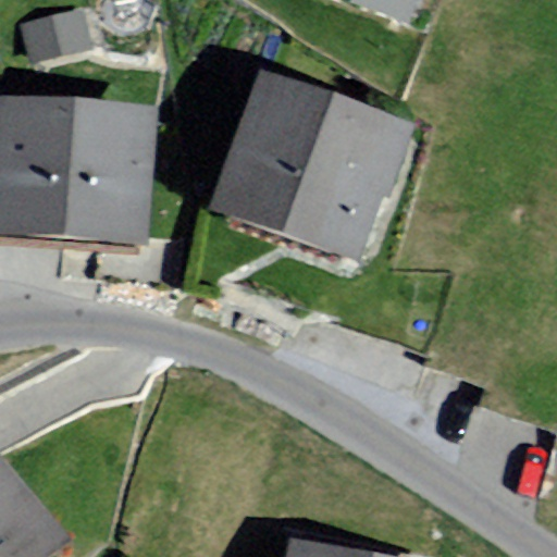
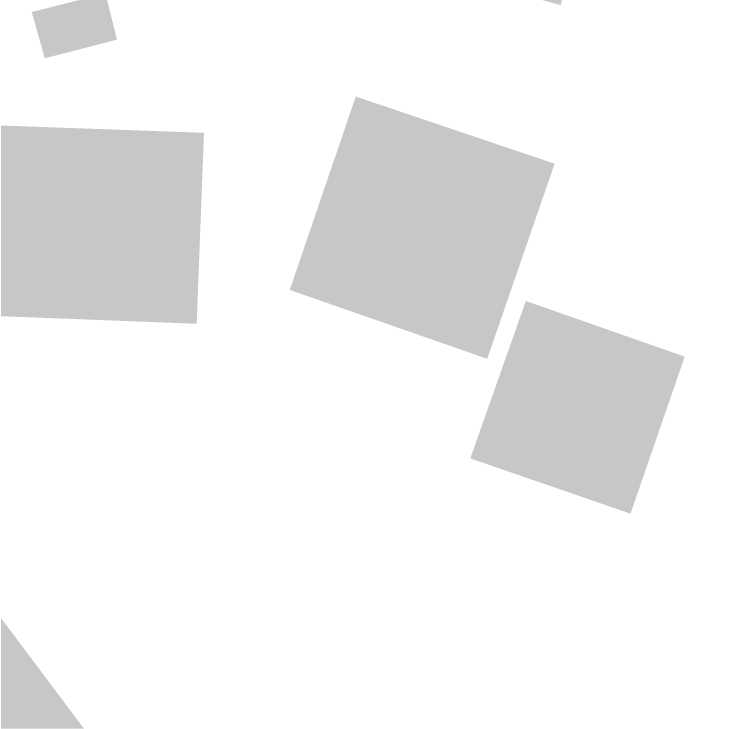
building: none -> [469,300,685,515]

